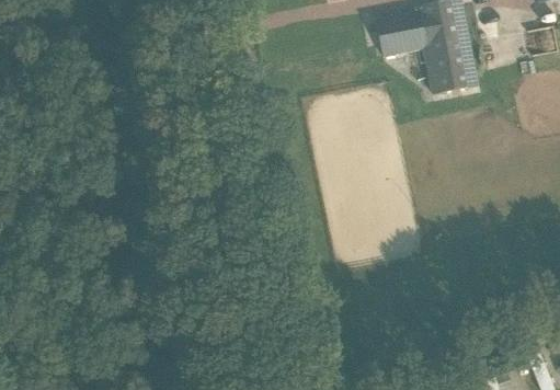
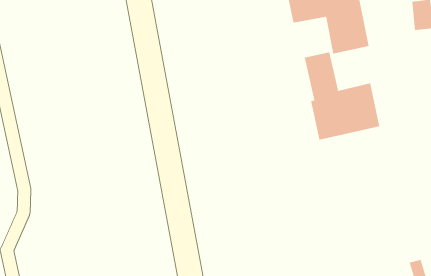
building: none -> [304,52,380,140]

